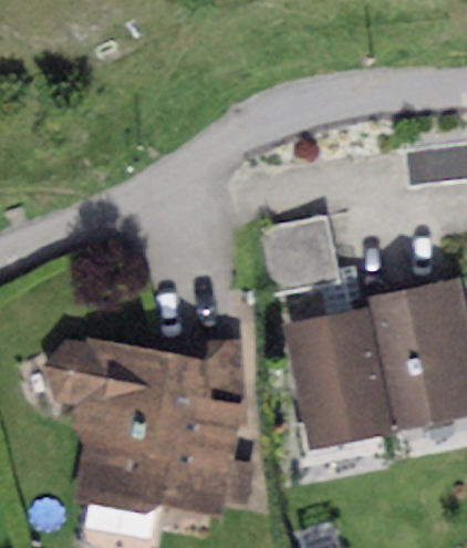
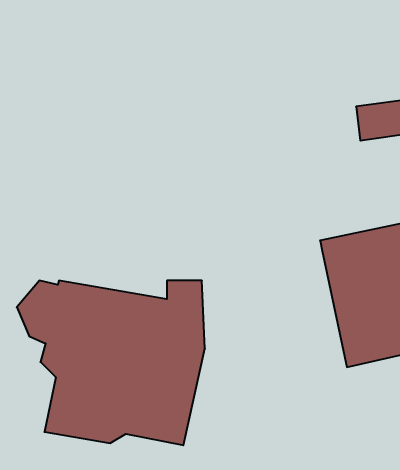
building: [256,216,335,291] -> none
building: [282,307,397,449] -> none

